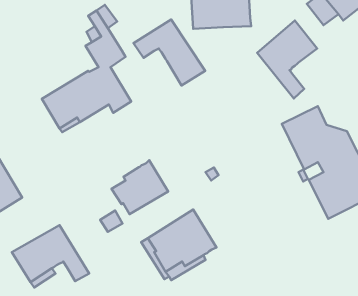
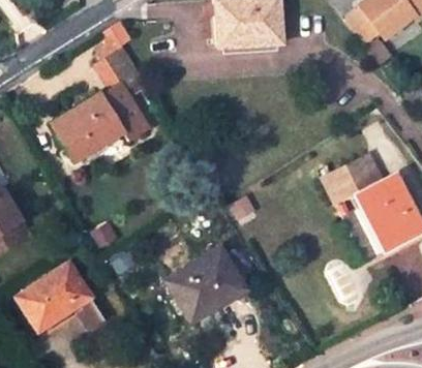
building: [133,20,205,85] -> none
building: [257,20,317,98] -> none
building: [112,160,168,214] -> none

